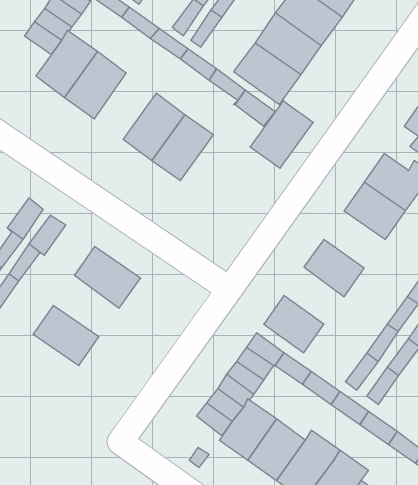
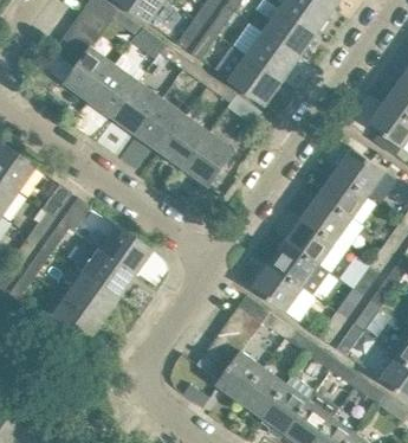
building: none -> [111,82,162,136]
building: [250,101,313,168] -> [182,133,234,188]
building: none -> [300,195,351,243]
building: none -> [267,242,317,289]
building: none -> [77,249,131,300]
building: none -> [43,297,98,348]

